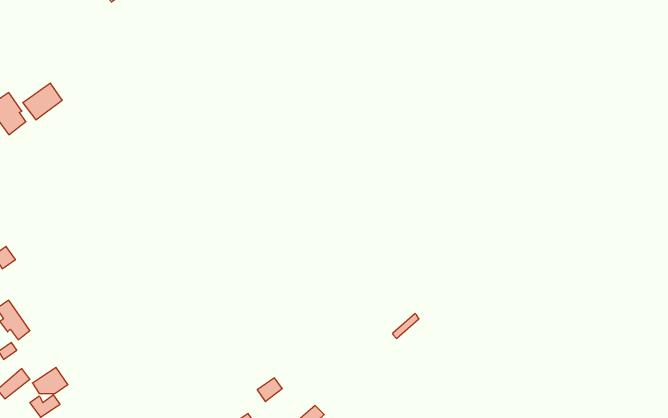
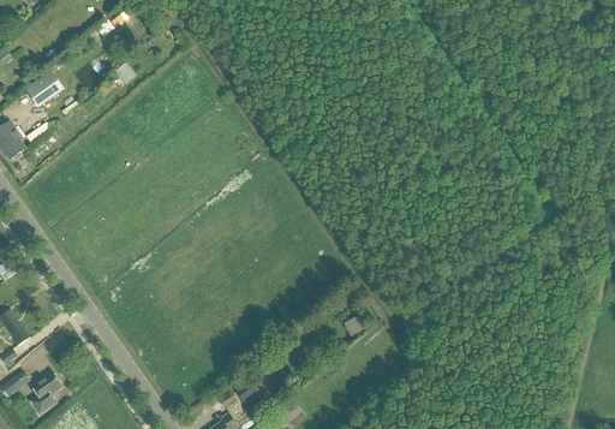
building: [23,83,62,120] -> [25,72,61,106]

